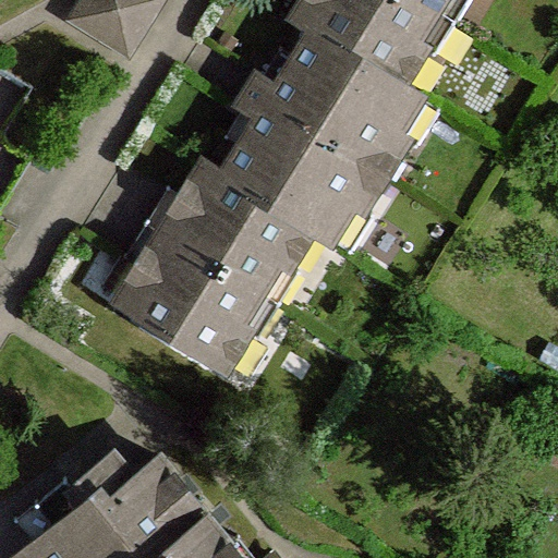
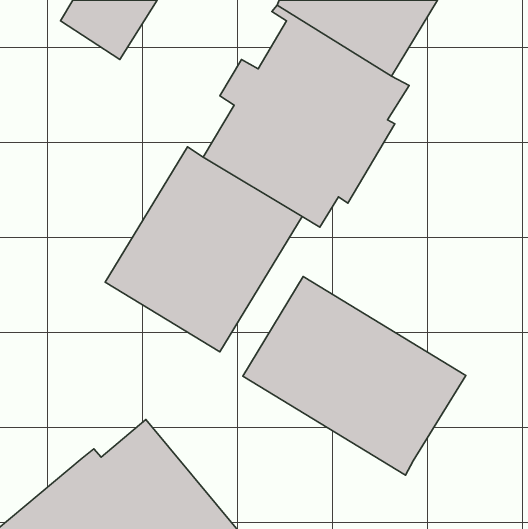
building: none -> [243,277,466,475]

